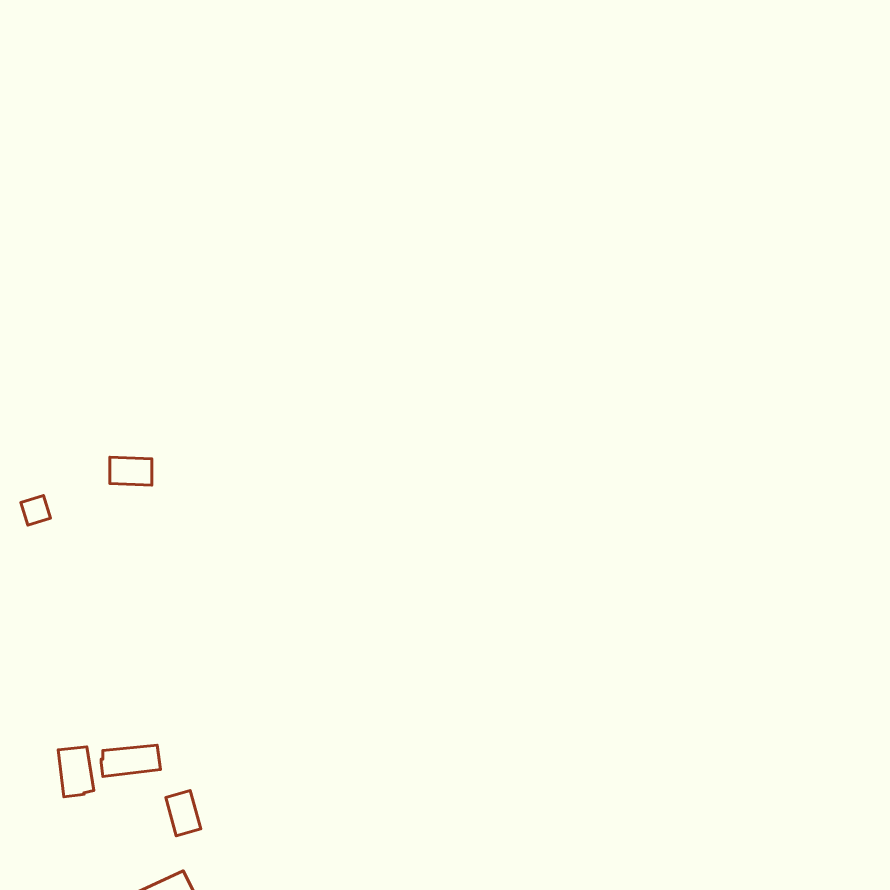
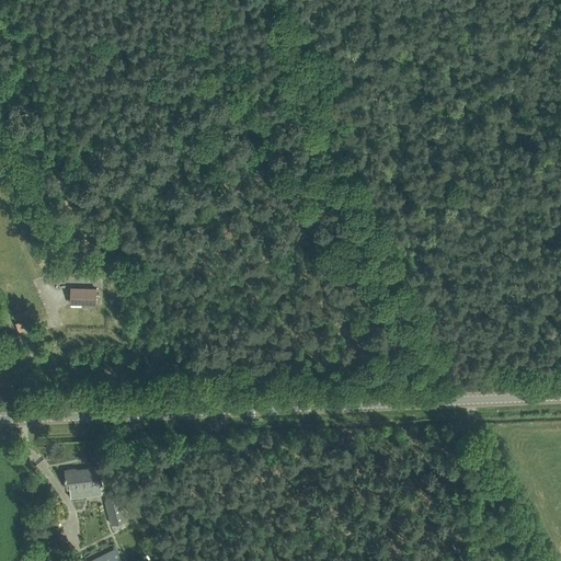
building: [58,747,94,797] -> none

